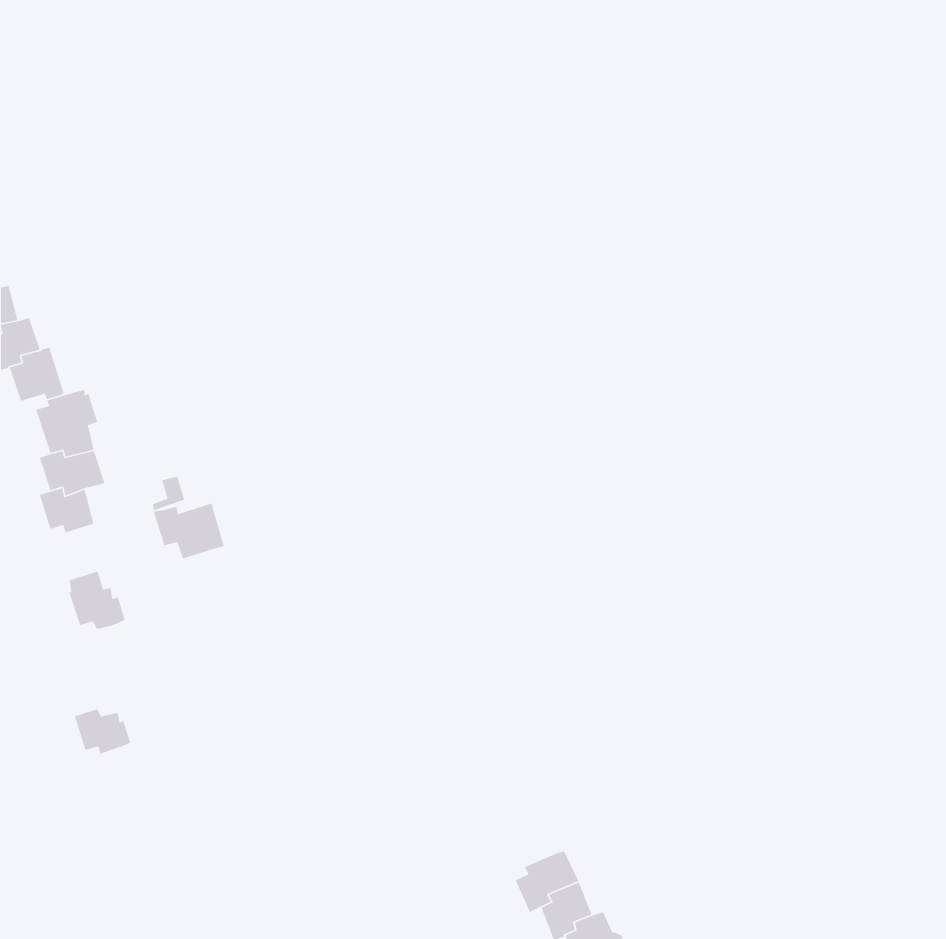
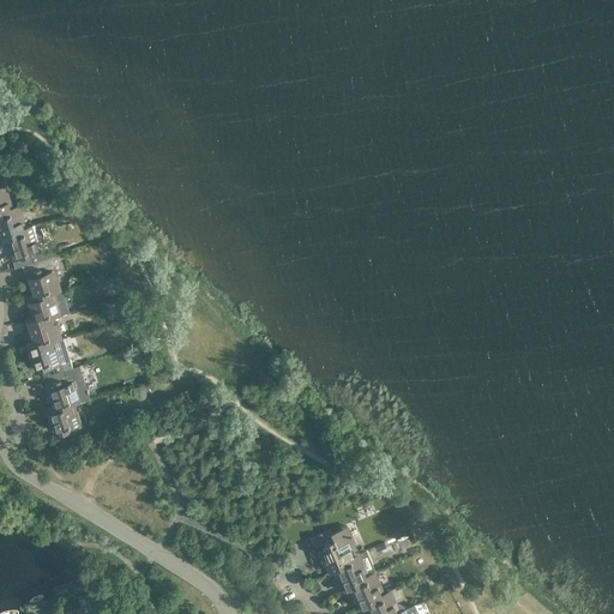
building: [153,502,225,559] -> [25,343,72,380]
building: [74,708,131,755] -> [44,408,82,438]
building: none -> [318,530,359,577]

